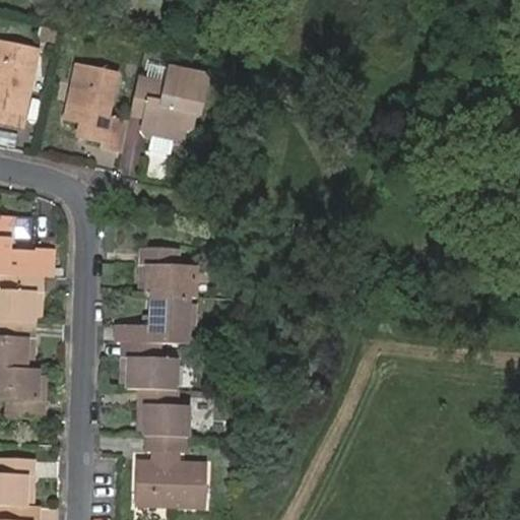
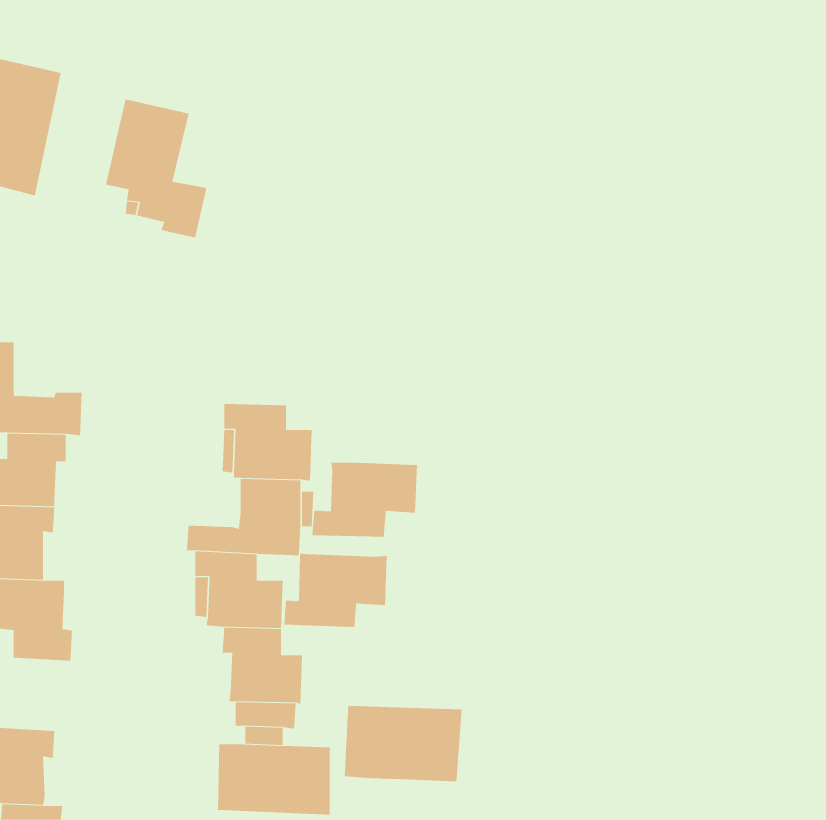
building: [132,64,208,150] -> none
building: none -> [312,462,418,537]
building: none -> [284,553,387,628]
building: none -> [344,705,462,782]

